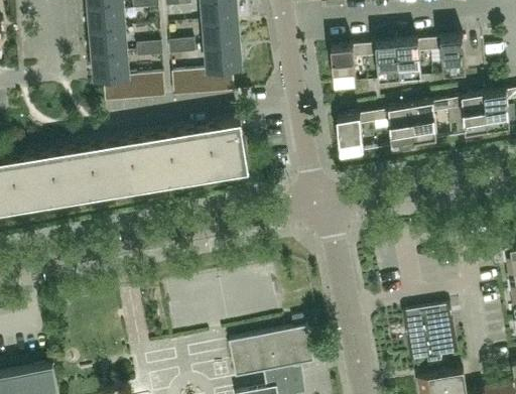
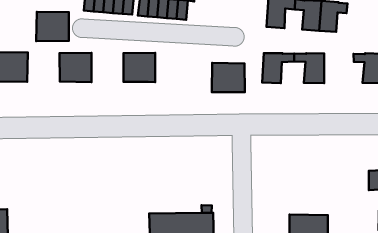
building: [429,33,466,73] -> none
building: [411,98,449,140] -> none
building: [203,132,249,174] -> [212,63,245,92]
building: [124,145,169,187] -> none
building: [45,158,91,201] -> [36,12,69,41]

